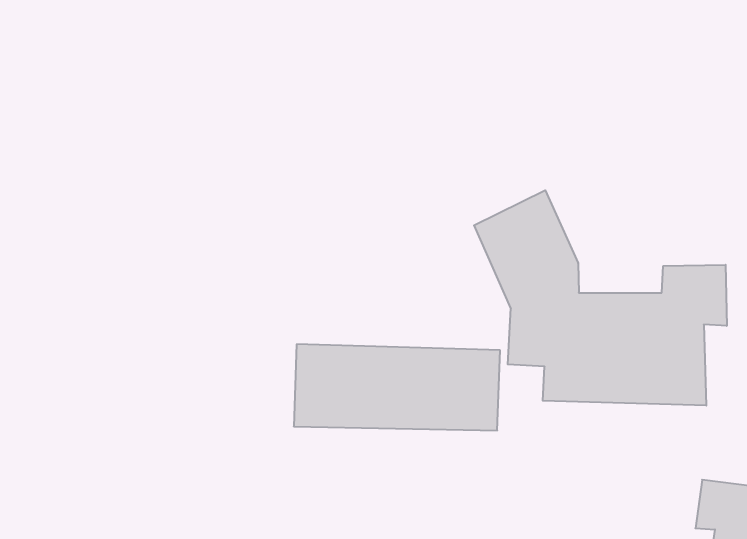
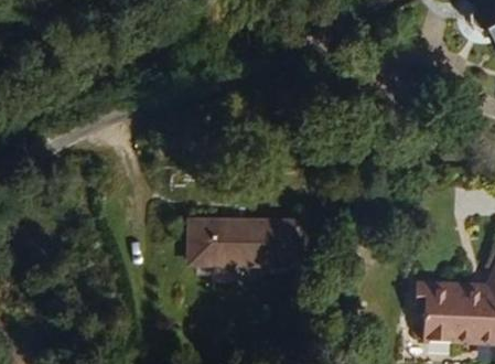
building: [474,190,727,406] -> none

